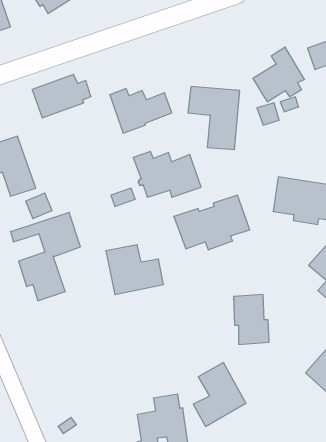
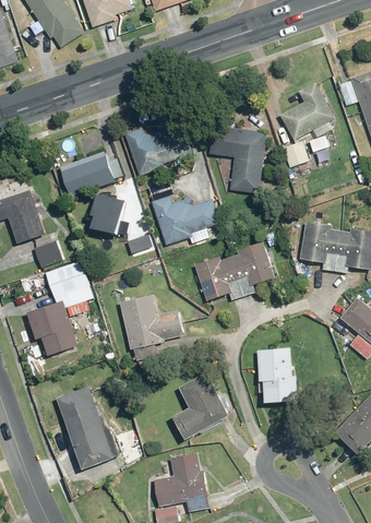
building: [32,74,91,118] -> [59,150,122,197]
building: none -> [89,193,124,234]
building: none -> [57,387,115,469]
building: [193,363,246,426] -> [171,371,228,440]

